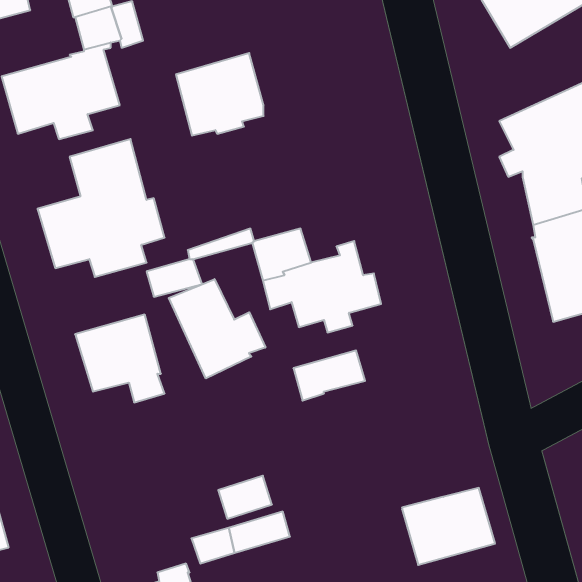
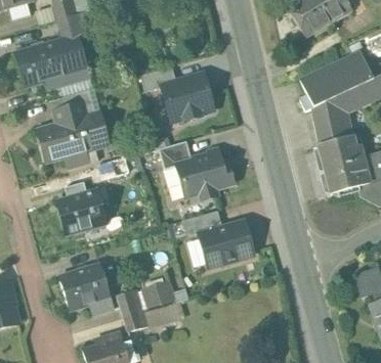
building: [176,53,264,136] -> [162,74,212,121]
building: [169,279,265,378] -> none
building: none -> [60,264,110,309]
building: [402,488,495,565] -> [200,222,253,266]
building: none -> [118,288,145,317]

